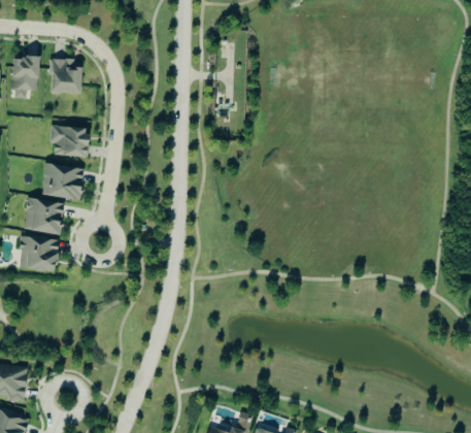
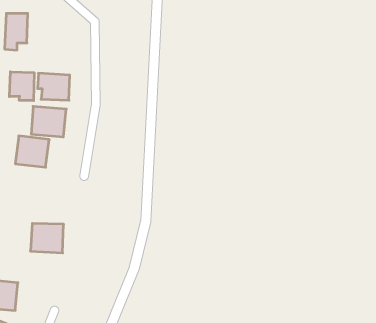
building: [48,58,80,93] -> none
building: none -> [9,72,34,101]
building: [19,236,57,270] -> [30,223,64,253]

